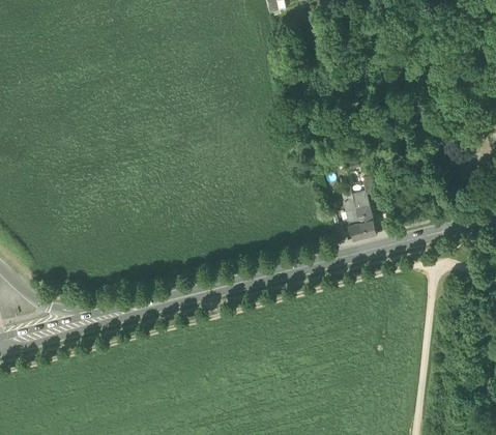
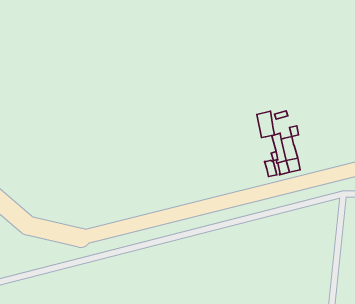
building: none -> [257,111,275,138]

